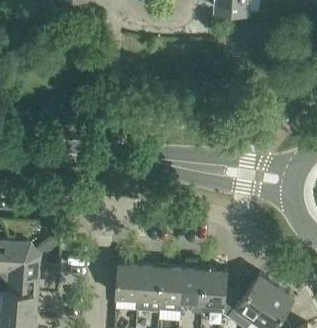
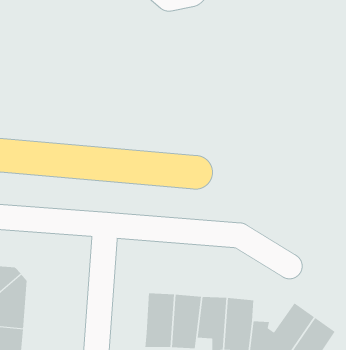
building: [115,263,139,298] -> none

